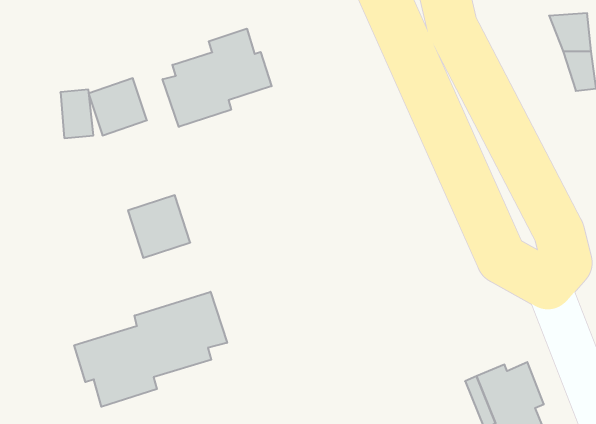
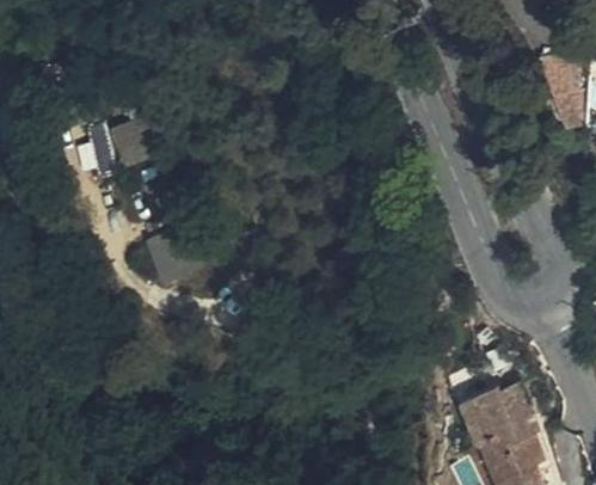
building: [163,29,272,127] -> none
building: [74,292,227,407] -> none

